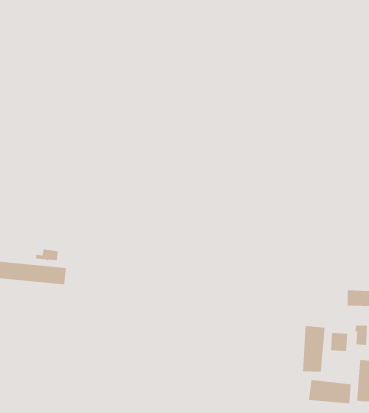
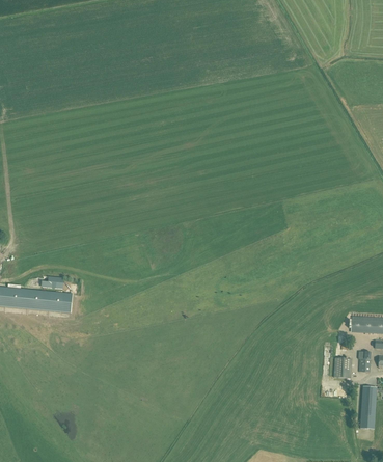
building: [302,325,325,373] -> none
building: [308,379,351,404] -> none

